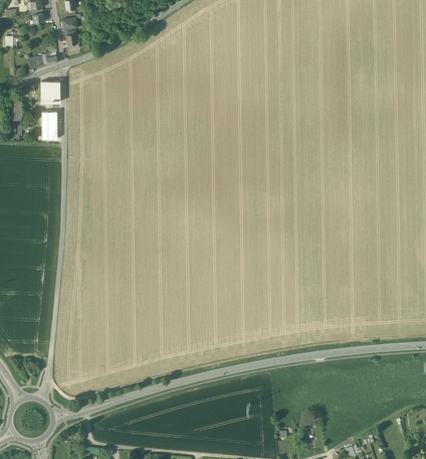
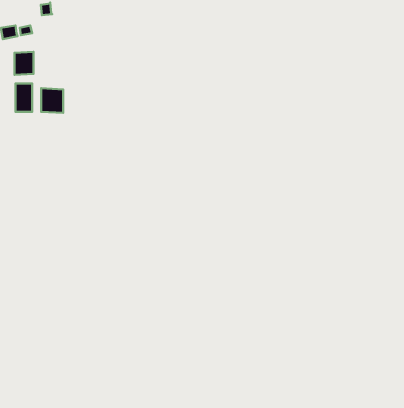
building: none -> [41,88,63,113]

